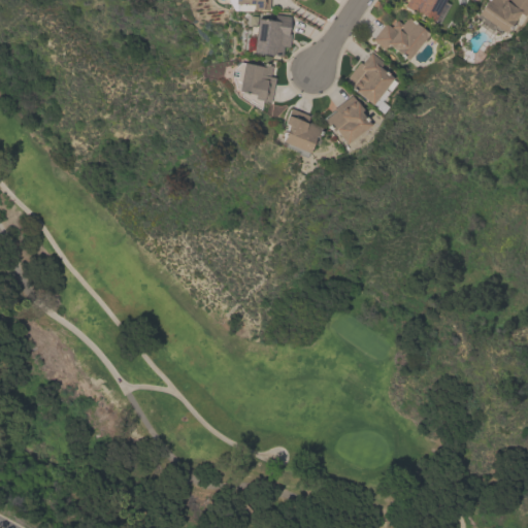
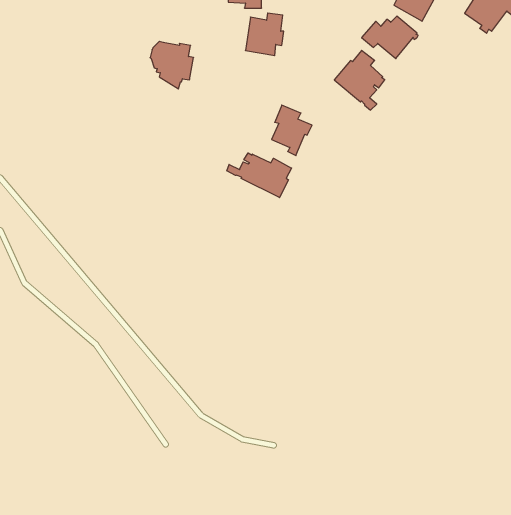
building: [233,61,277,109] -> [150,41,194,89]
building: [326,95,372,144] -> none
building: none -> [227,153,292,198]

